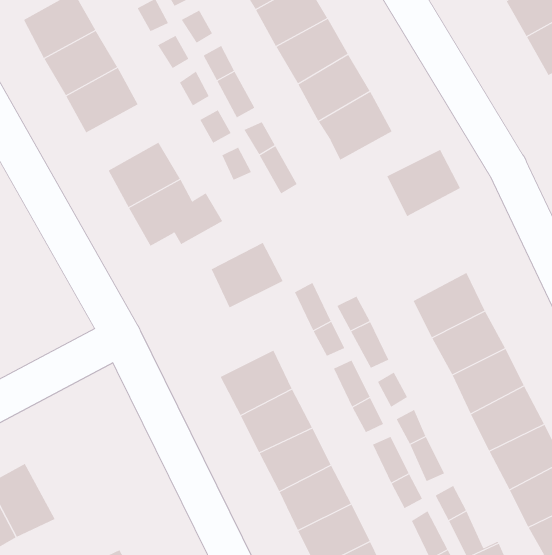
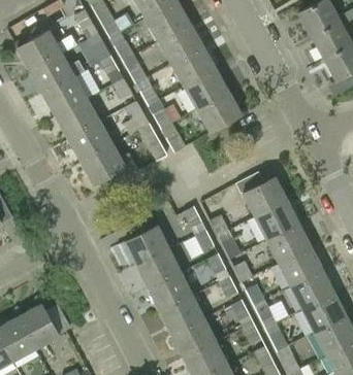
building: none -> [56,99,100,139]
building: [386,149,461,217] -> [243,177,288,218]
building: [211,242,283,308] -> [126,225,170,265]
building: none -> [19,305,61,351]

